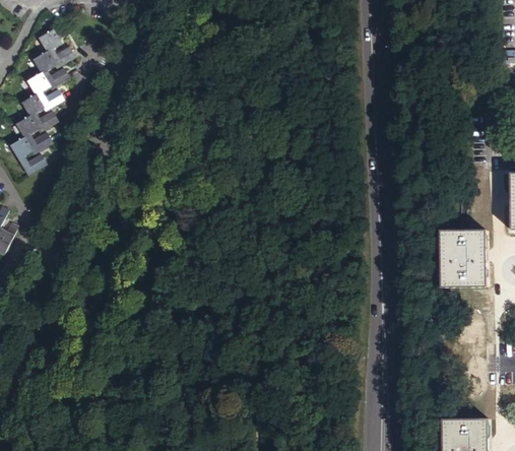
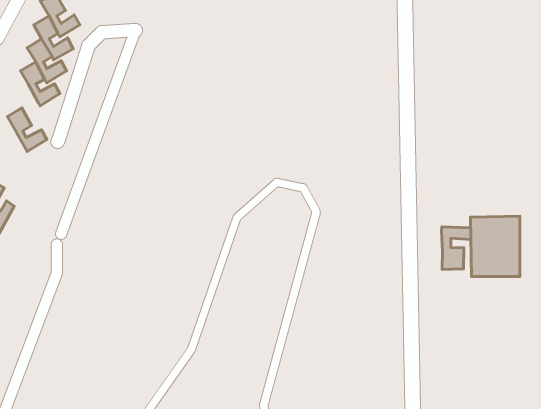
building: [15,110,52,150] -> none
building: none -> [441,227,471,270]

